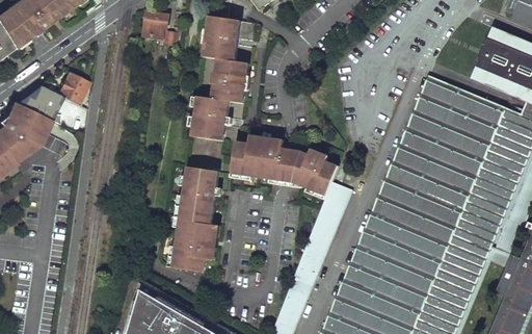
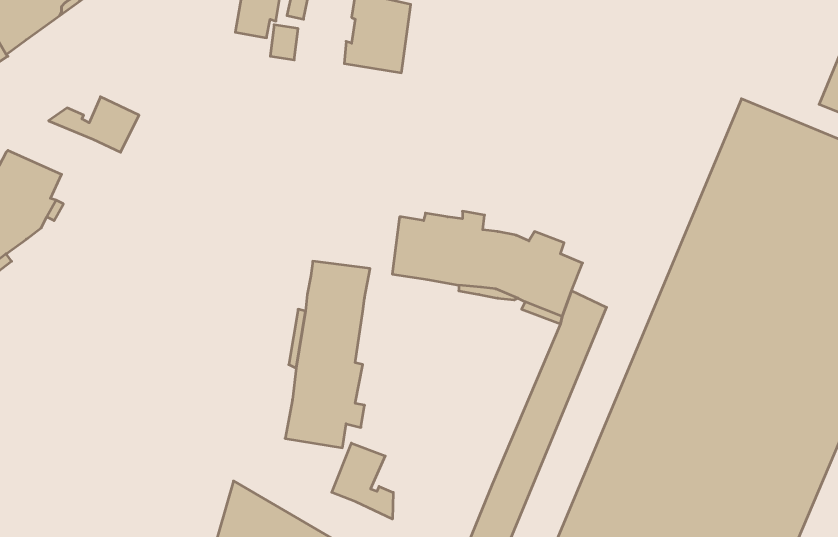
building: [191,54,249,139] -> none
building: [15,86,62,124] -> none
building: none -> [332,443,393,519]

